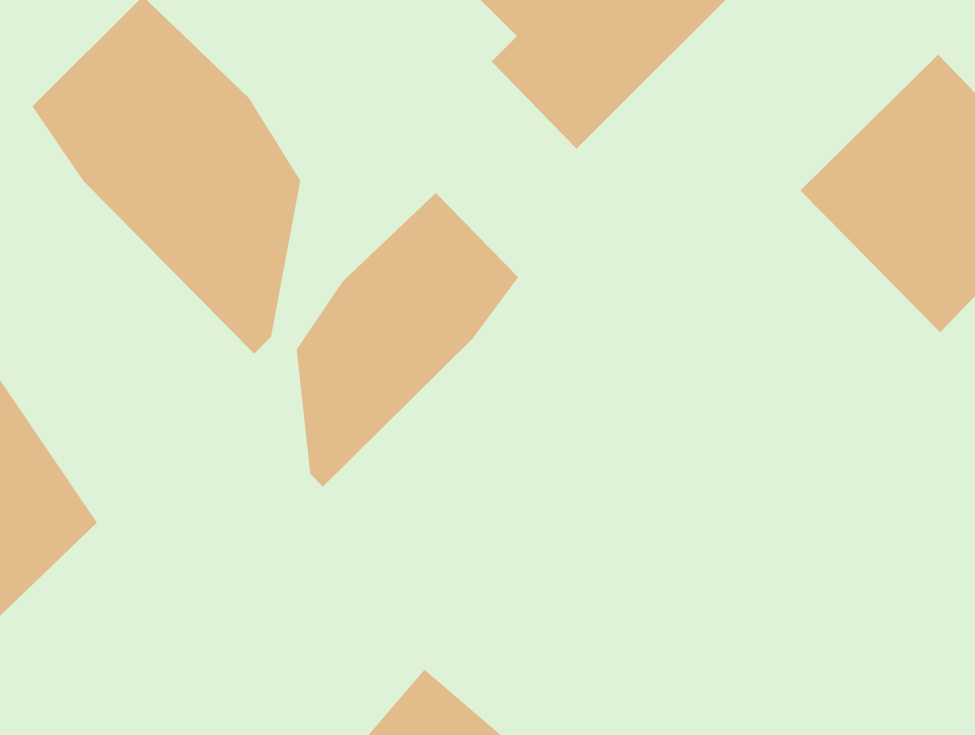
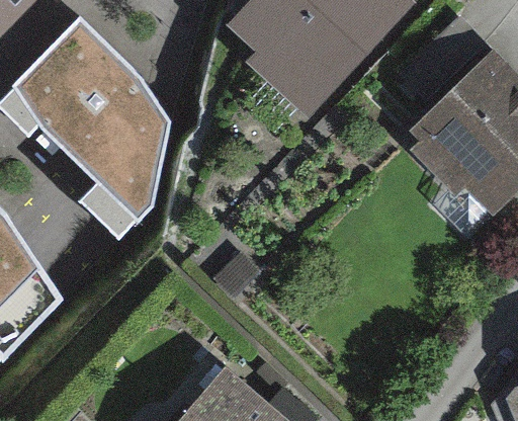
building: [296,192,519,488] -> none

